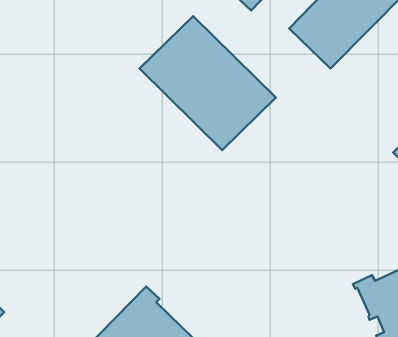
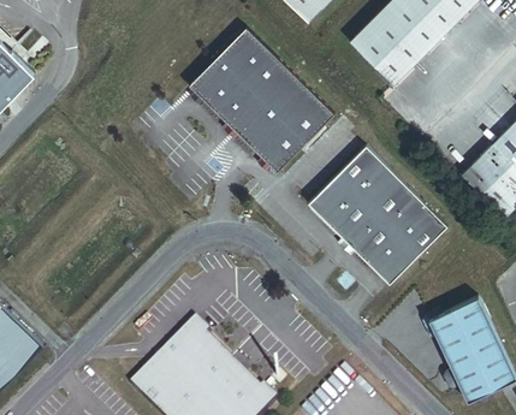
building: none -> [308,146,447,284]

